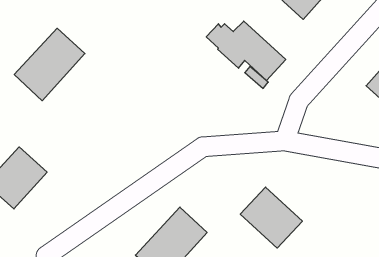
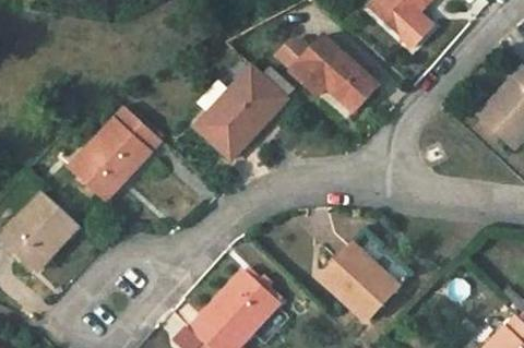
building: [14,28,85,101] -> [71,107,159,197]
building: none -> [194,65,286,159]

